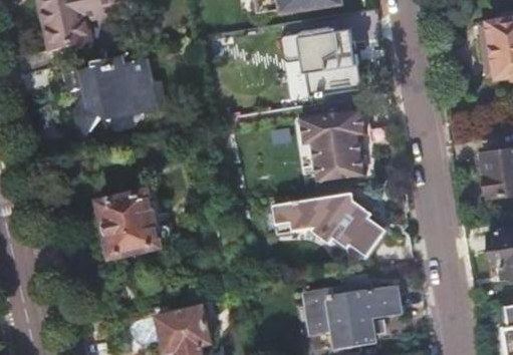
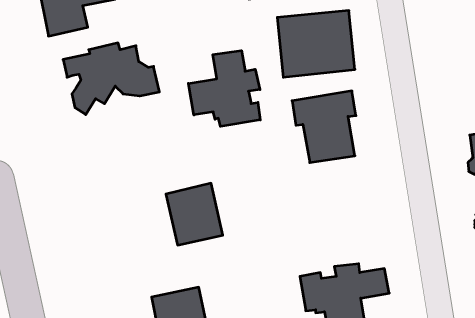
building: none -> [188,51,260,126]
building: [99,195,158,258] -> [166,183,223,245]
building: [272,195,387,263] -> none

